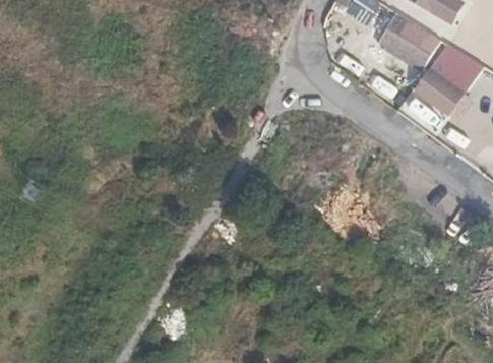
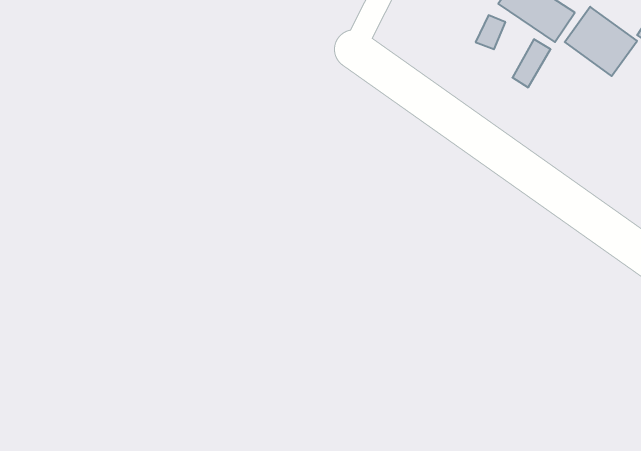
building: [414,66,464,113] -> none

